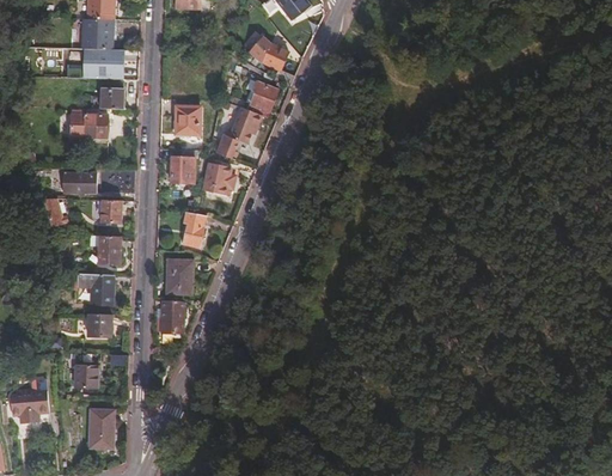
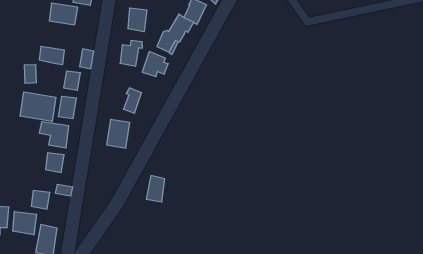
building: none -> [20,92,56,122]
building: [163,299,184,332] -> [146,176,165,202]
building: none -> [13,211,36,235]

